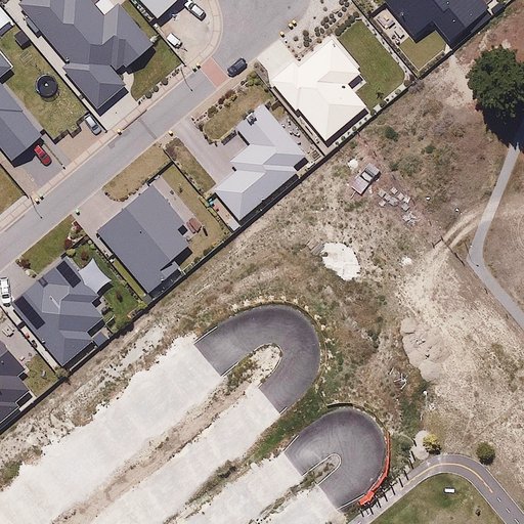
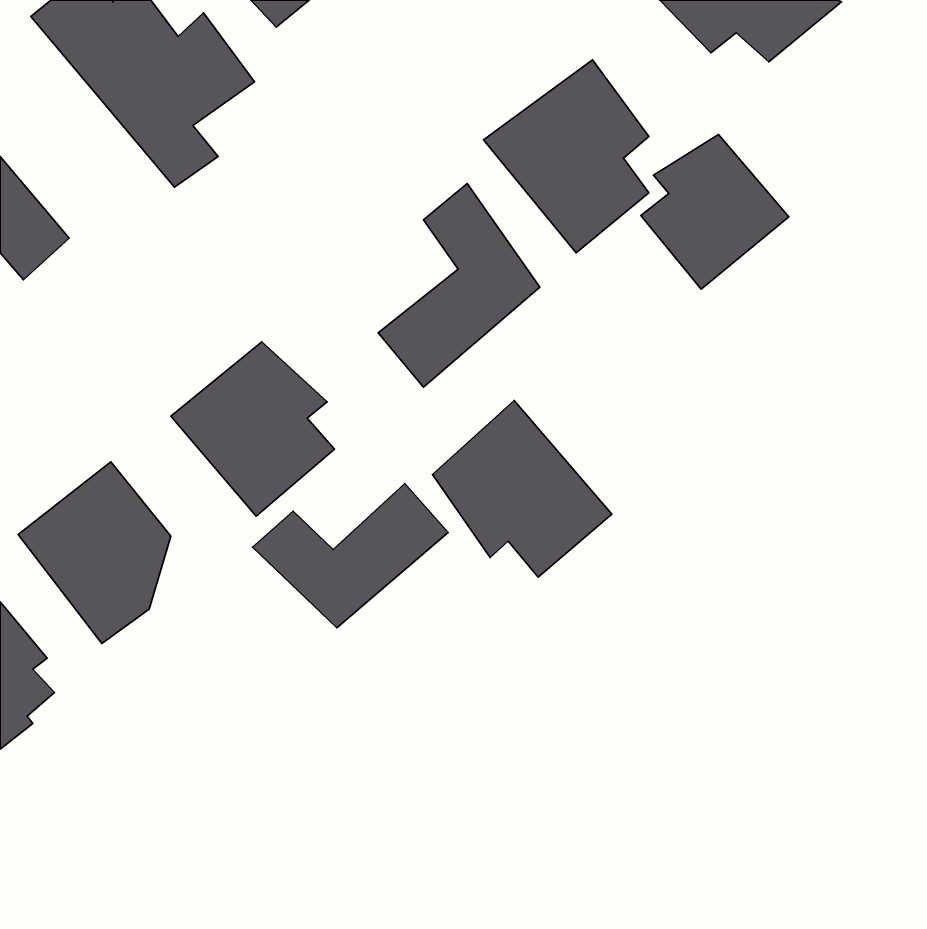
building: none -> [641,134,789,289]
building: none -> [432,401,612,577]
building: none -> [252,483,448,628]

